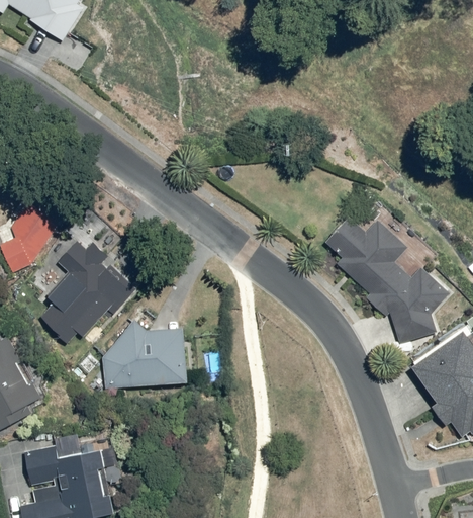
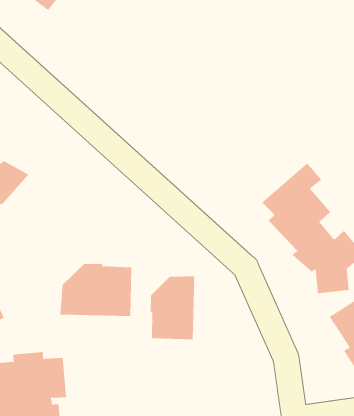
building: [41,241,130,341] -> none
building: none -> [150,275,195,340]

